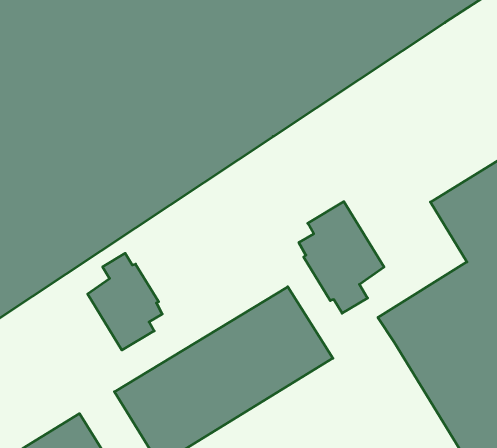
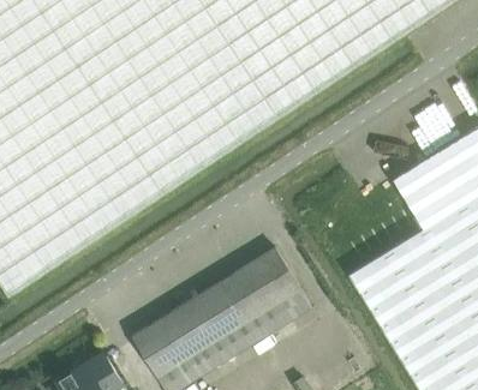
building: [299,202,384,313] -> none
building: [88,253,162,350] -> none

